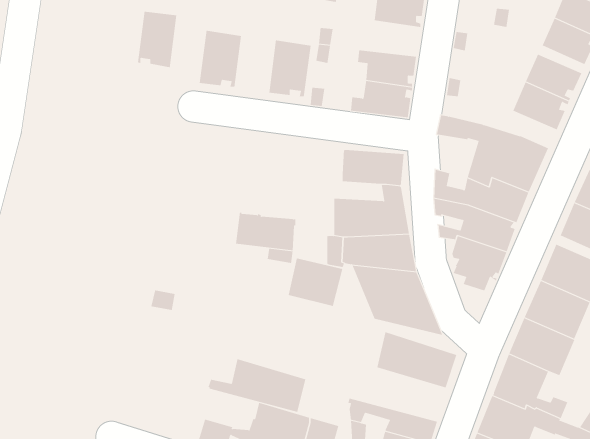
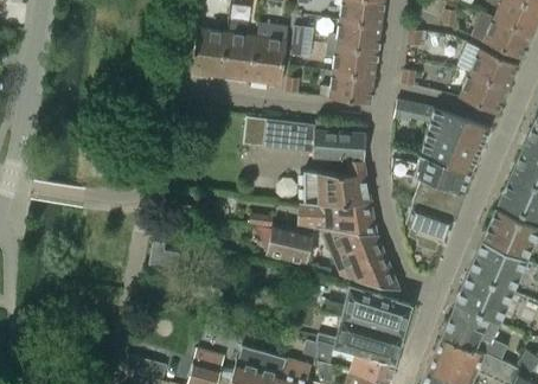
building: [137,11,177,68] -> [222,33,256,82]
building: none -> [327,20,380,51]
building: [235,212,296,251] -> [263,119,315,152]
building: [208,358,306,413] -> [318,316,402,363]

